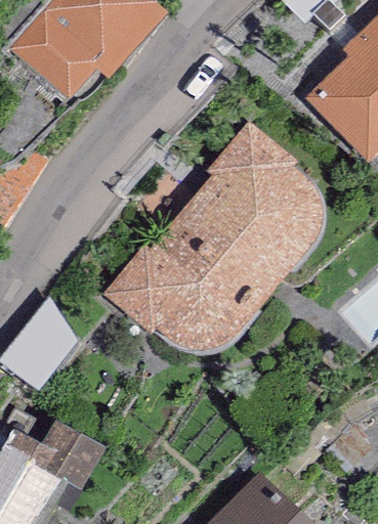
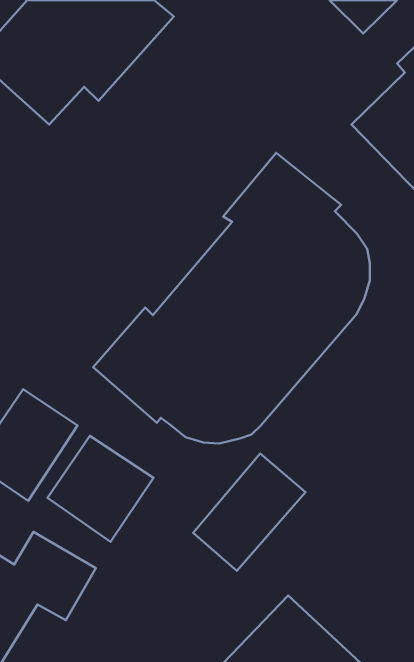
building: none -> [48,436,154,542]
building: none -> [193,453,306,571]

